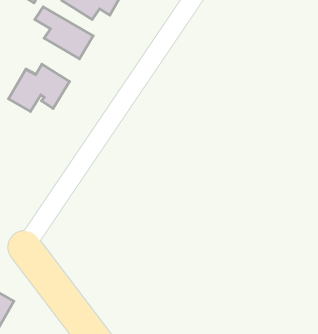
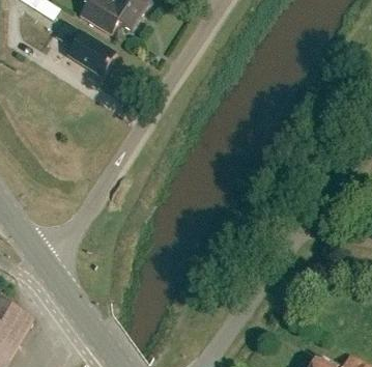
building: [9,64,69,112] -> none

